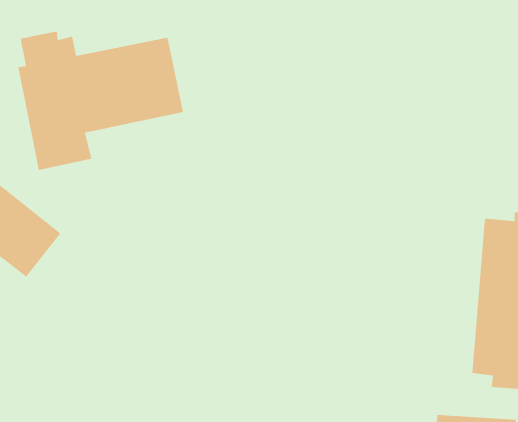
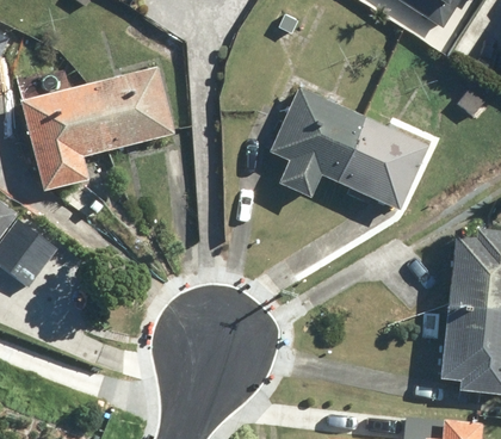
building: none -> [271,88,429,211]

